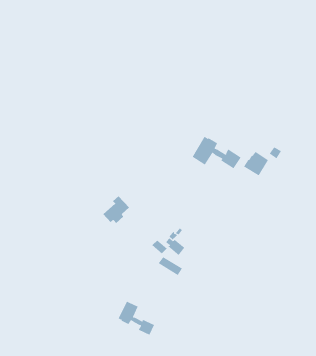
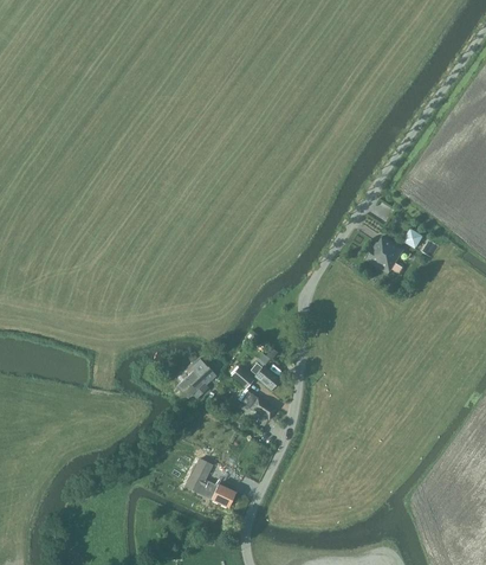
building: [192,136,241,169] -> none
building: [103,196,130,224] -> [176,358,216,399]

